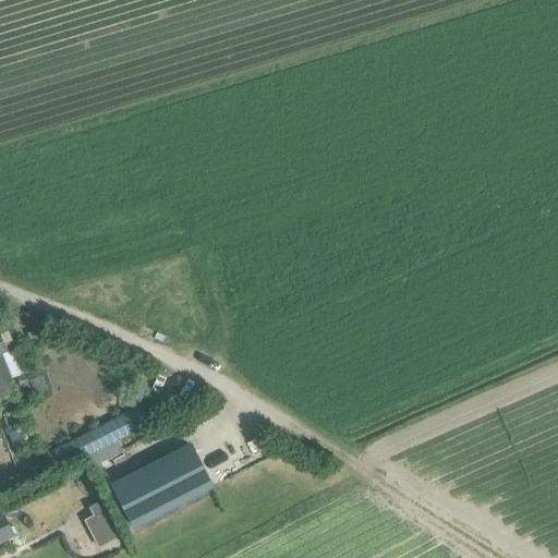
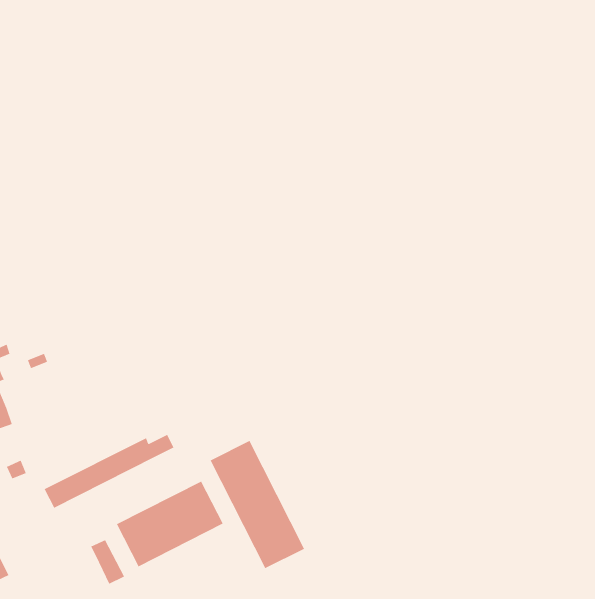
building: none -> [209,440,305,569]

